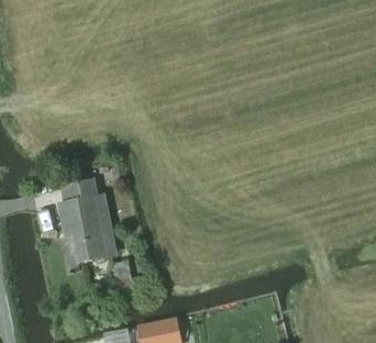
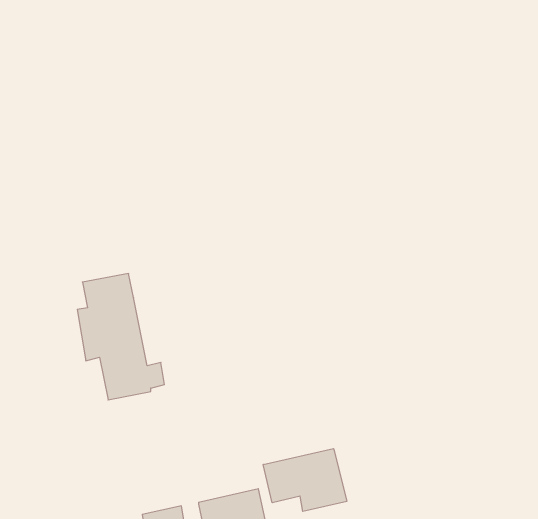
building: none -> [263,449,347,511]

